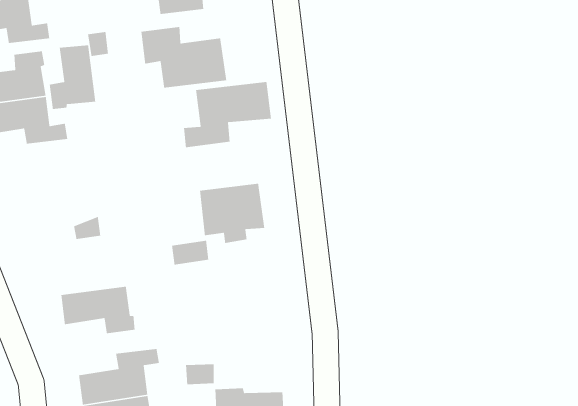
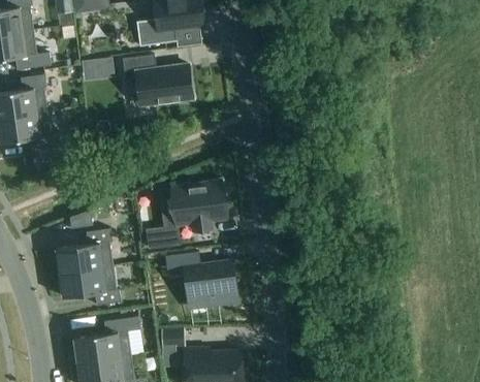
building: [49,44,96,110] -> none
building: [183,81,272,148] -> none
building: none -> [56,228,113,273]
building: none -> [164,251,237,304]

